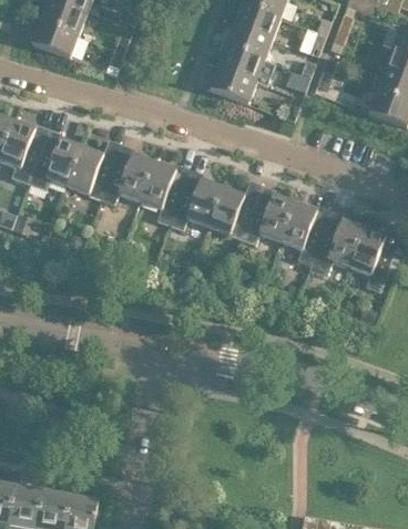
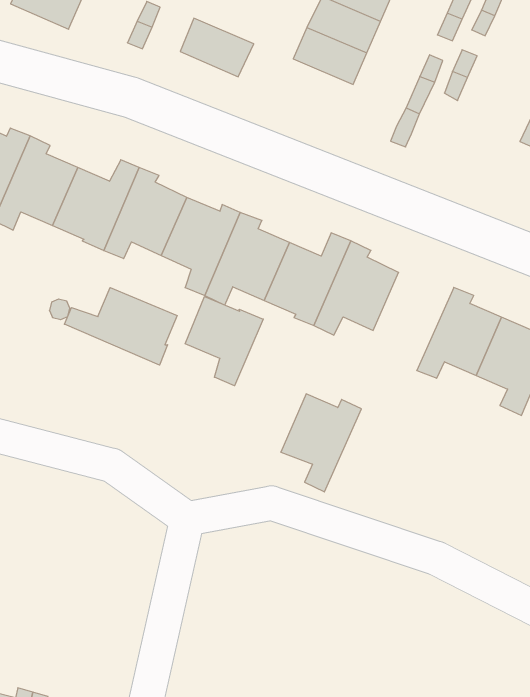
building: [208,68,256,104] -> [180,18,254,77]
building: [278,203,329,266] -> [281,394,361,492]
building: none -> [64,288,177,365]
building: none -> [185,297,263,386]

